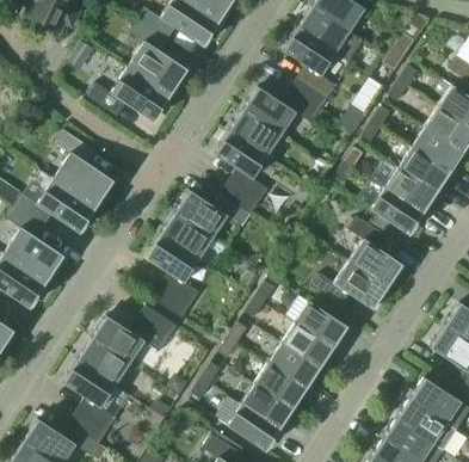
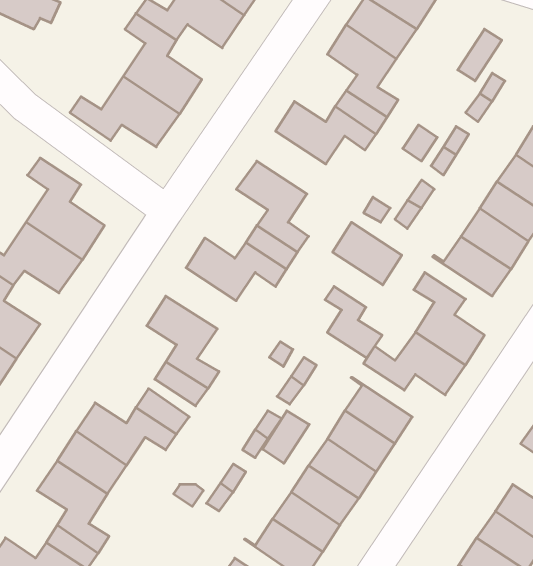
building: [229,109,282,156] -> [333,222,402,285]
building: [160,212,214,259] -> none
building: none -> [325,286,382,358]
building: none -> [262,411,309,463]

